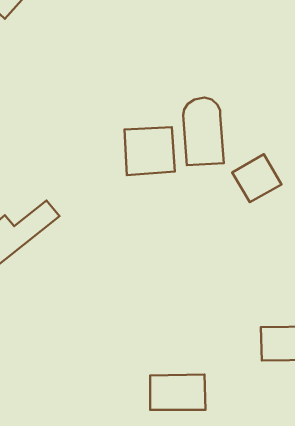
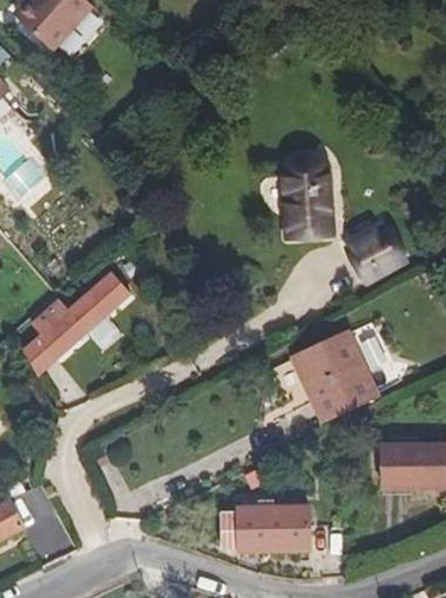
building: [124,127,175,175] -> none
building: none -> [291,330,380,422]

